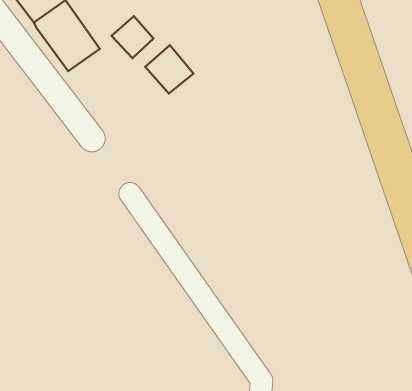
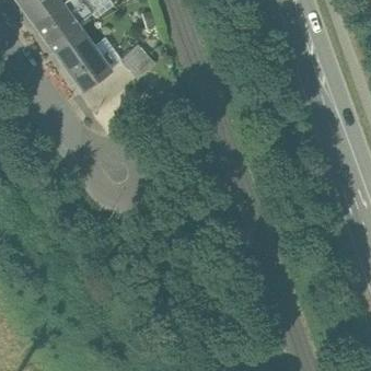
building: [145,45,193,94] -> none

